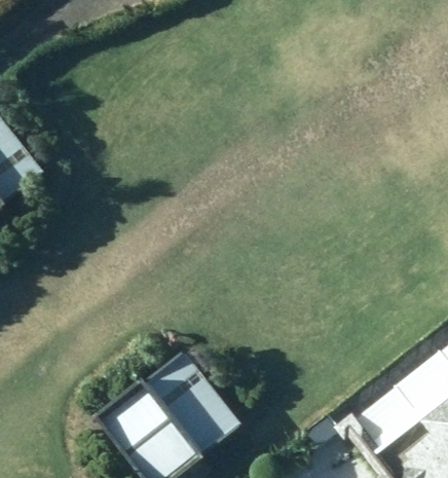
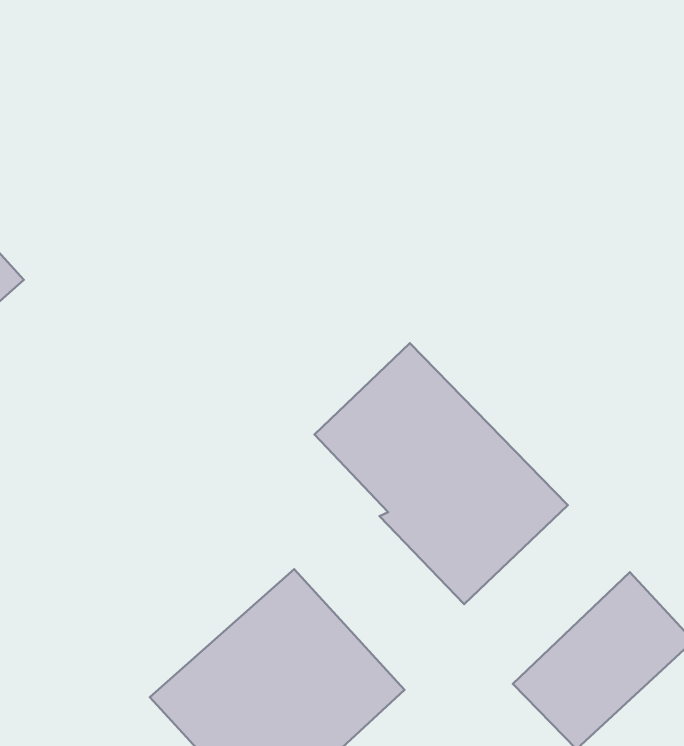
building: none -> [314,343,568,604]

